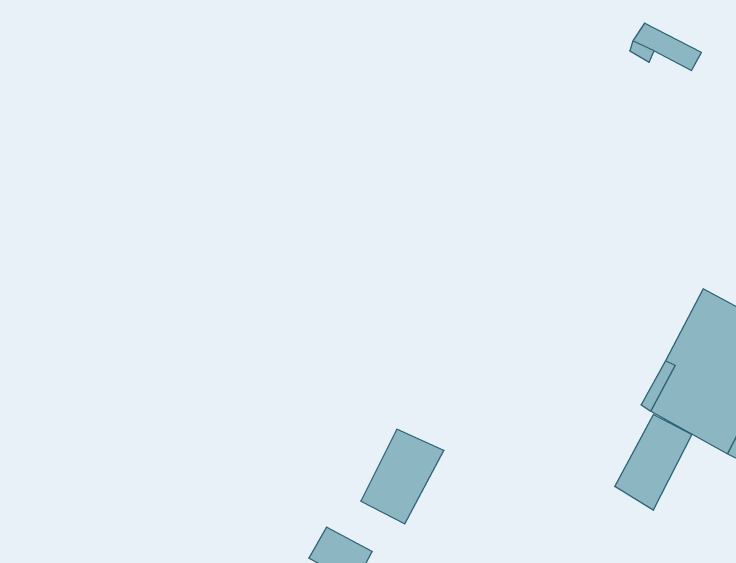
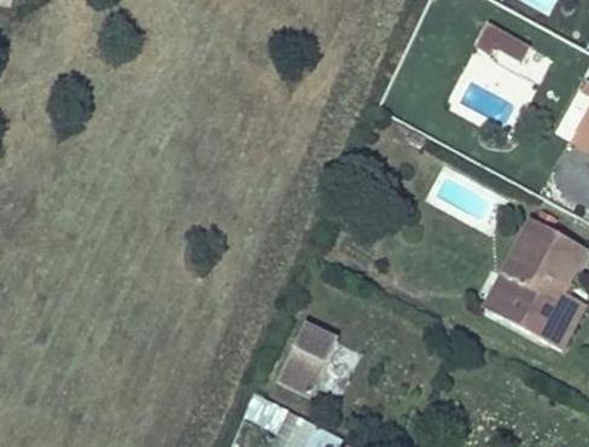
building: [615,414,692,510] -> none

